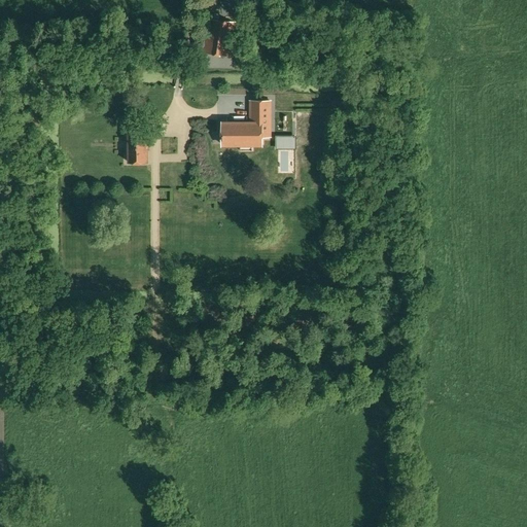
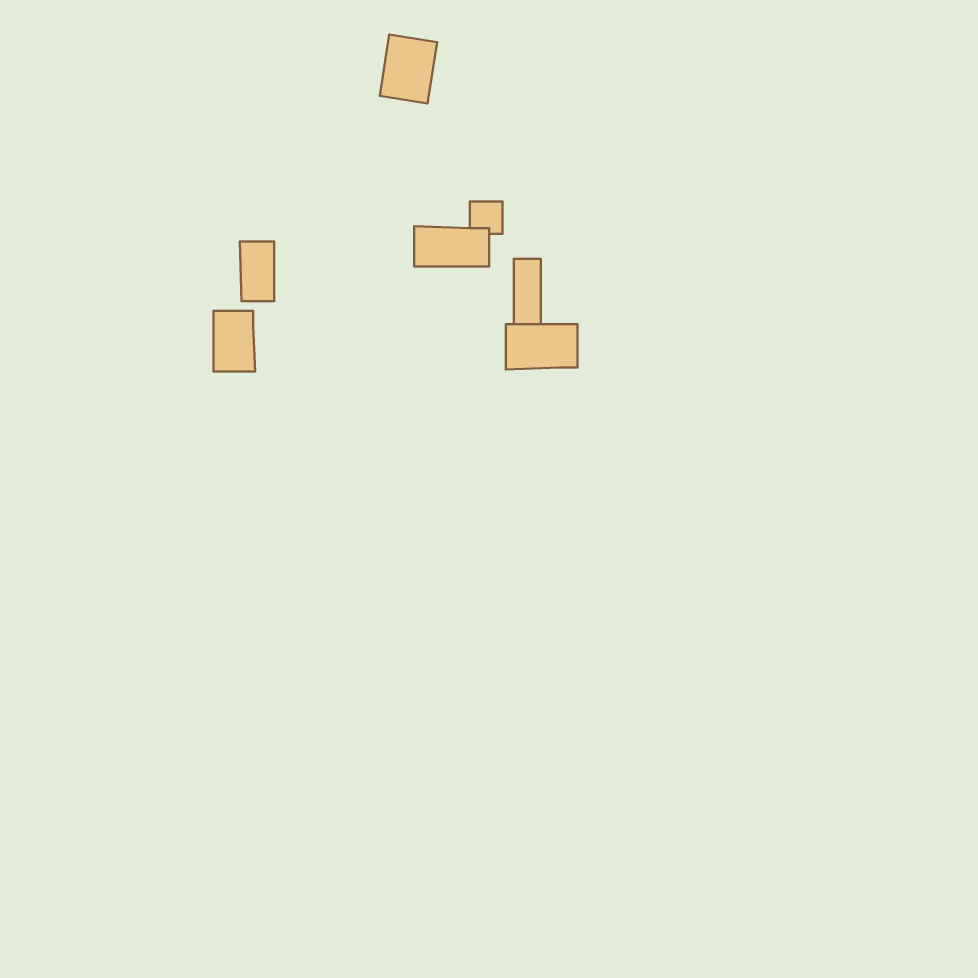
building: none -> [213,311,255,371]
building: none -> [506,324,577,370]

